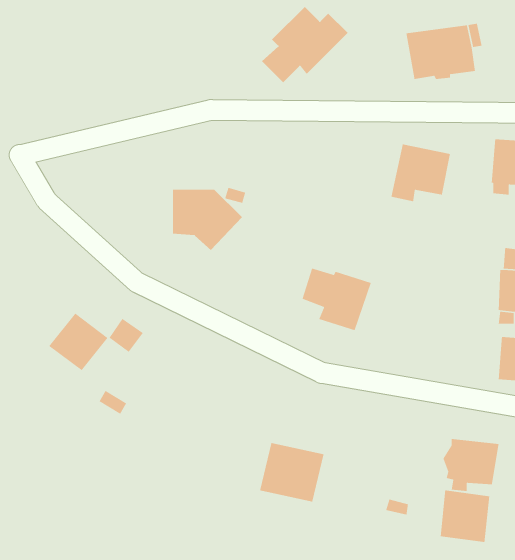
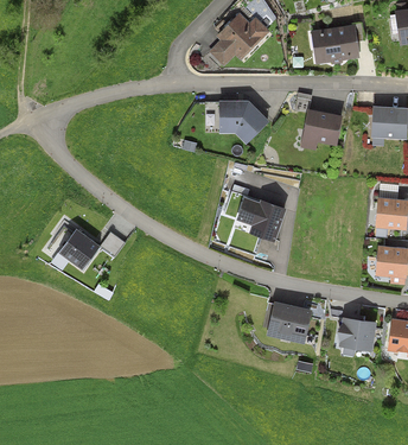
building: [172,189,243,251] -> [218,101,268,145]
building: [259,442,325,502] -> [266,301,312,344]
building: [440,490,490,543] -> none

